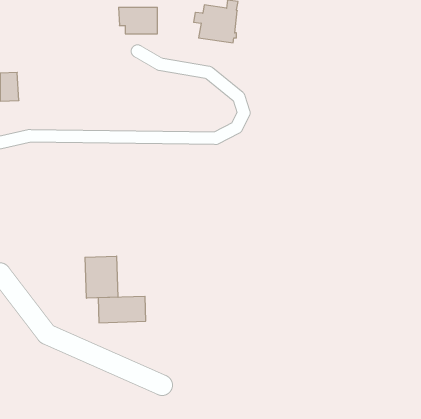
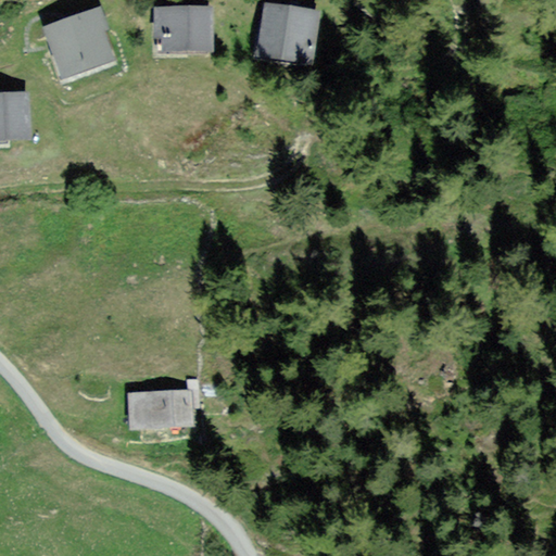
building: none -> [49,11,106,70]
building: [85,256,118,298] -> none

